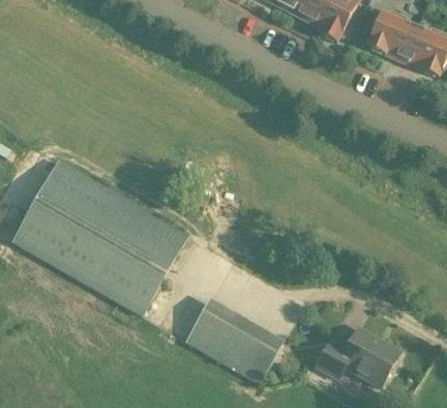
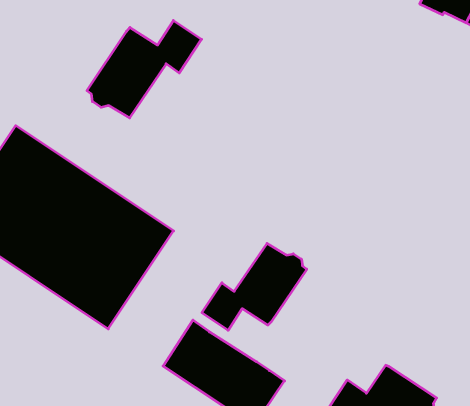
building: none -> [87,20,202,118]
building: none -> [202,243,307,330]

